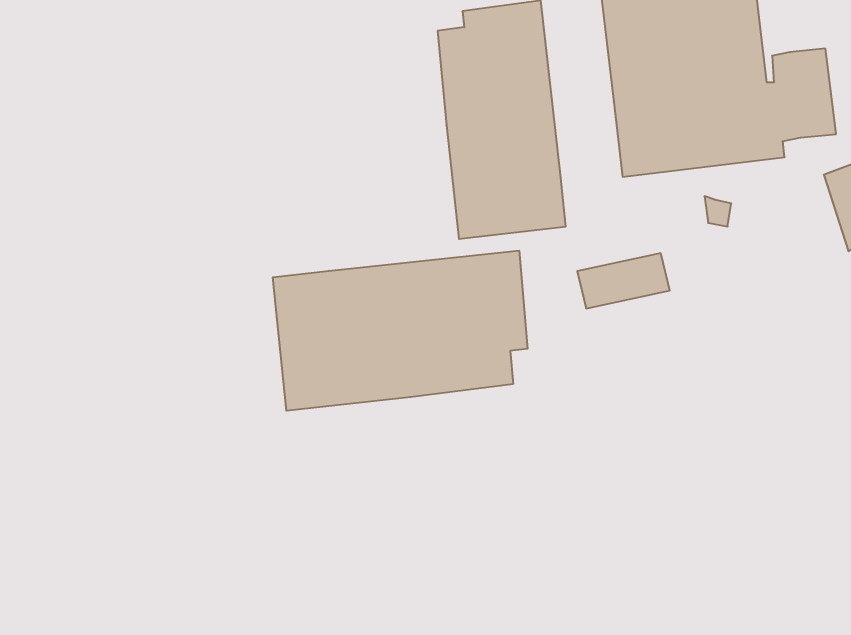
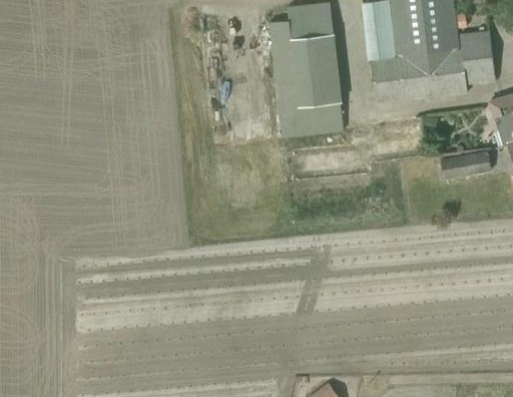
building: [273,251,528,411] -> none
building: [577,253,670,308] -> [439,148,491,179]

